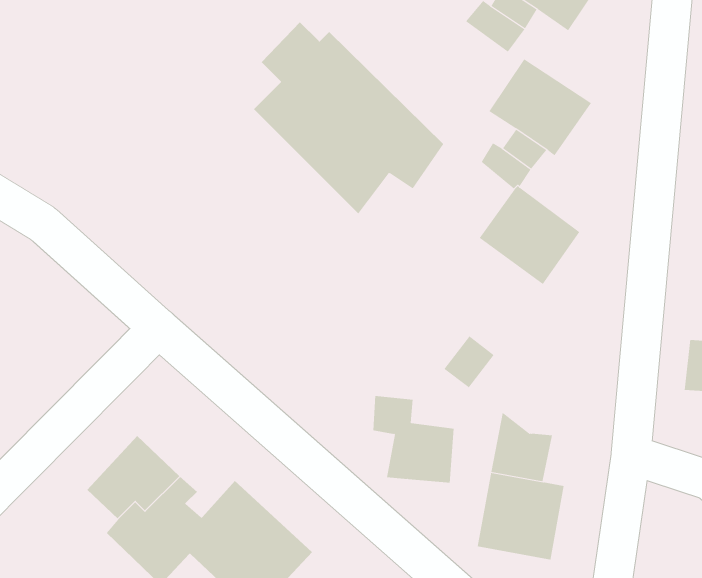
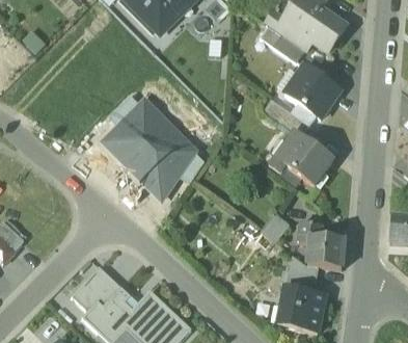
building: [253,21,444,215] -> [104,95,206,197]
building: [373,395,455,483] -> [300,221,344,268]

